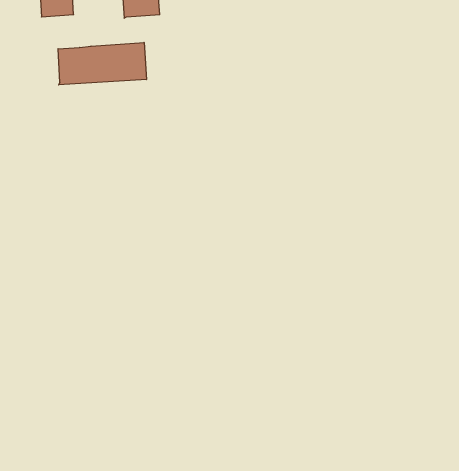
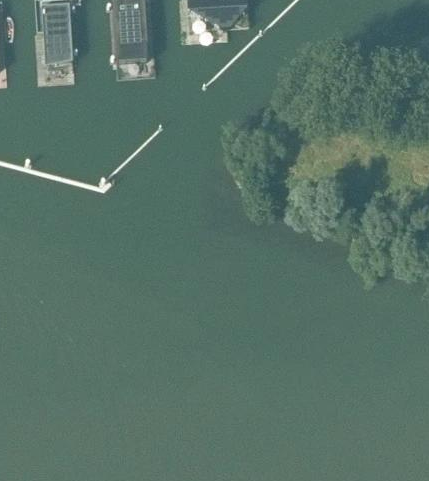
building: [58,42,146,85] -> none

